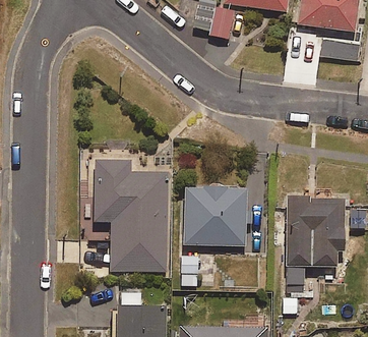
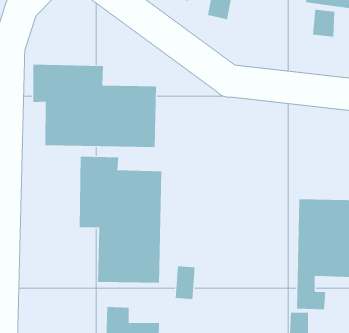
building: none -> [33,64,156,148]
building: [185,185,249,245] -> none

